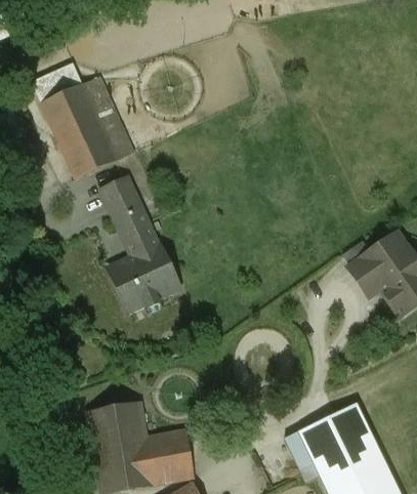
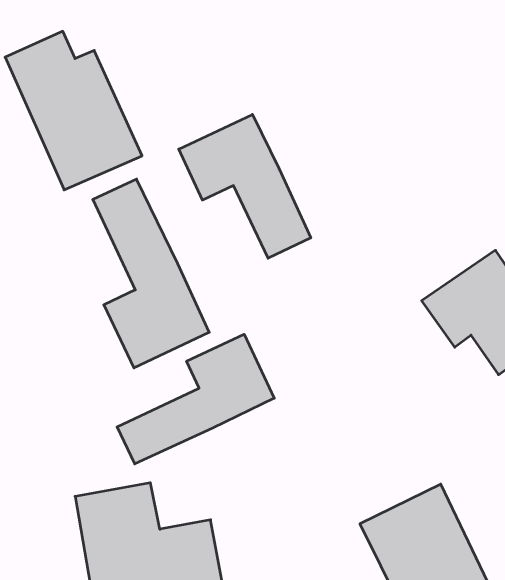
building: none -> [179,114,311,258]
building: none -> [117,334,274,464]

